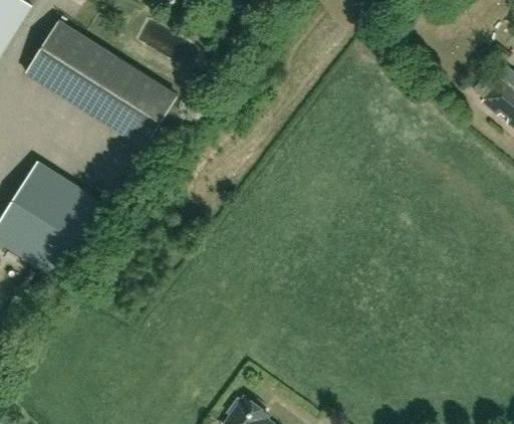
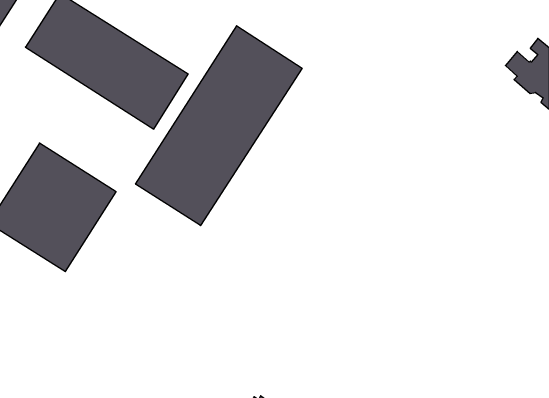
building: none -> [136,26,302,226]

